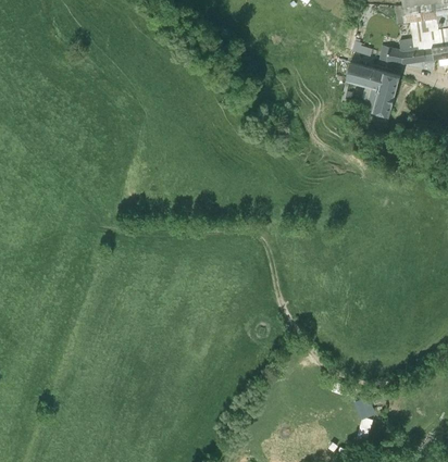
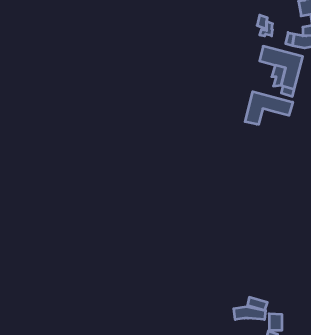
building: none -> [245,92,293,124]
building: none -> [234,307,266,320]

